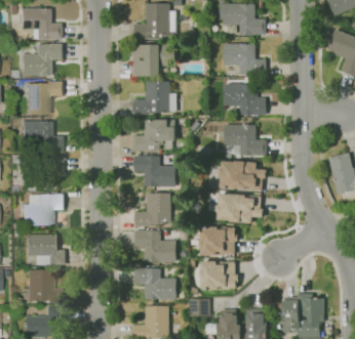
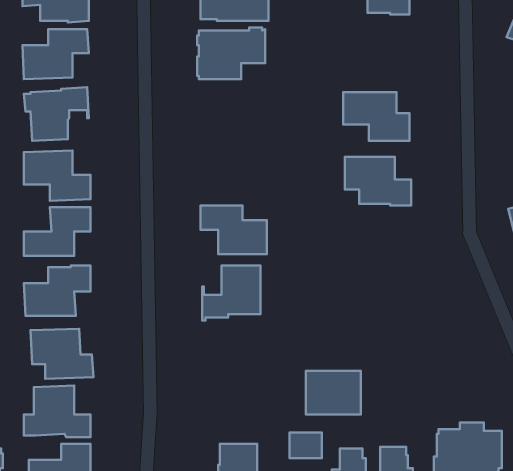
building: [224,44,266,75] -> none
building: [133,82,176,115] -> none
building: [133,120,175,152] -> none
building: [220,160,264,189] -> none
building: [218,193,262,221] -> none
building: [200,226,235,255] -> none
building: [134,230,176,262] -> none
building: [134,268,176,299] -> none

